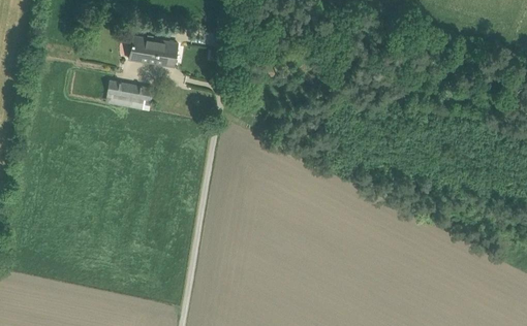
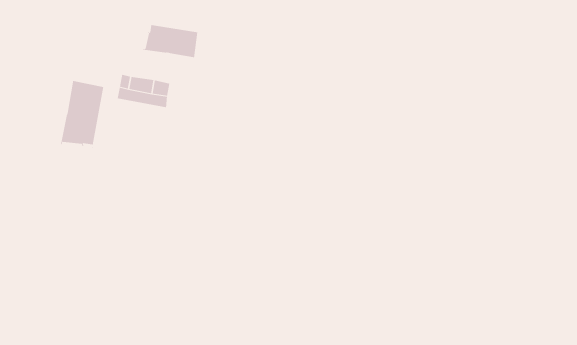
building: none -> [60,80,104,149]

